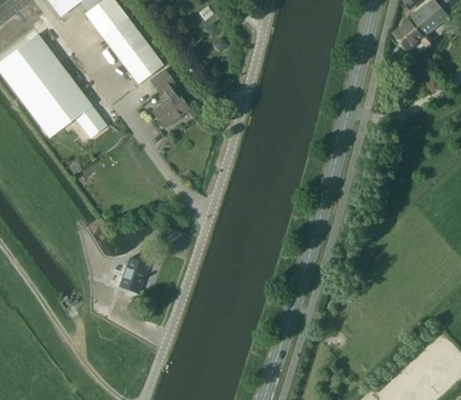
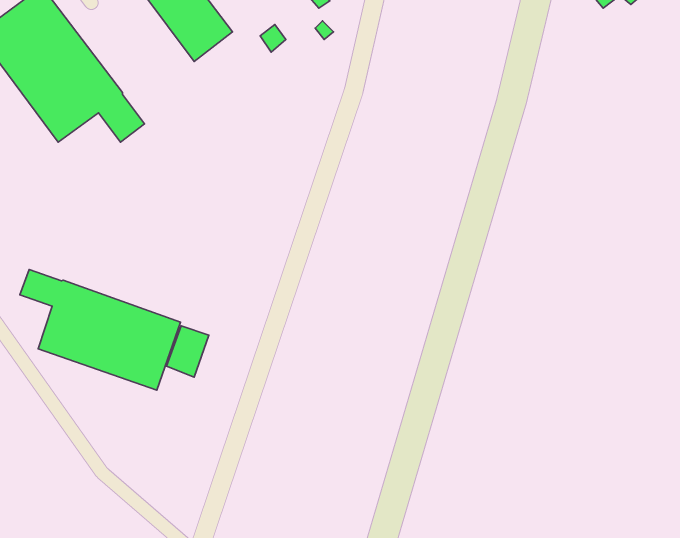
building: [151,70,189,126] -> none
building: none -> [20,269,181,390]

